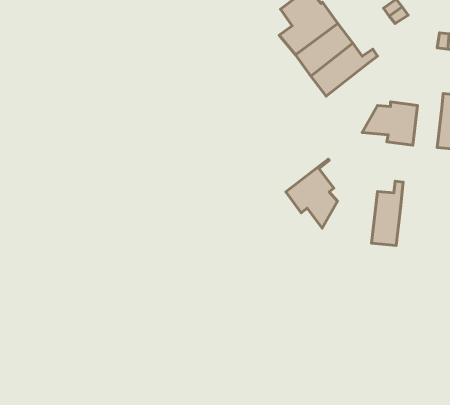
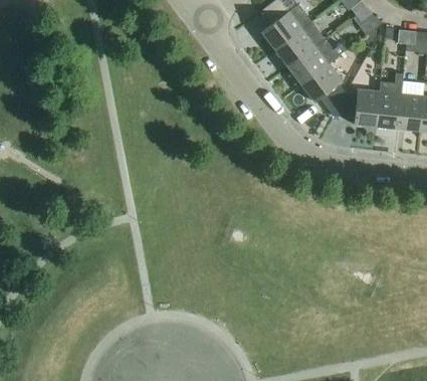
building: [286,159,338,228] -> [301,55,346,115]
building: [372,181,403,245] -> [376,72,403,128]

